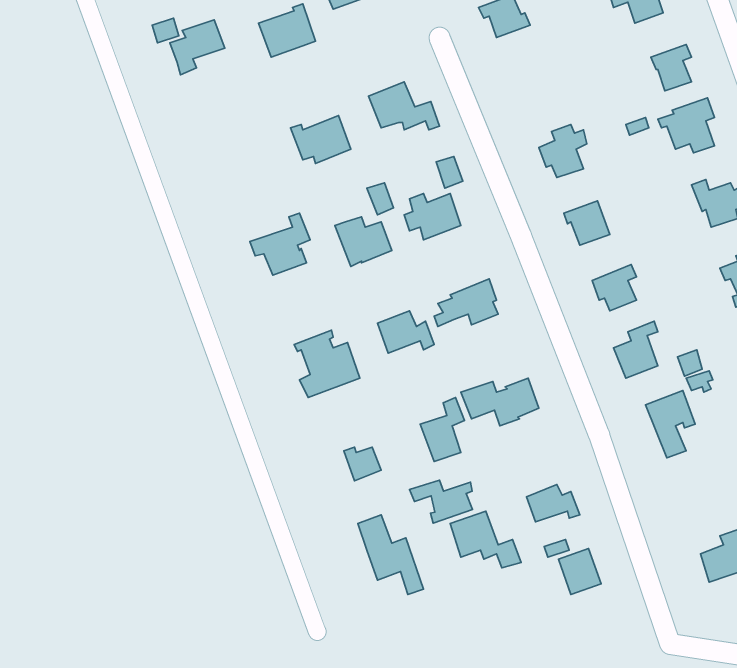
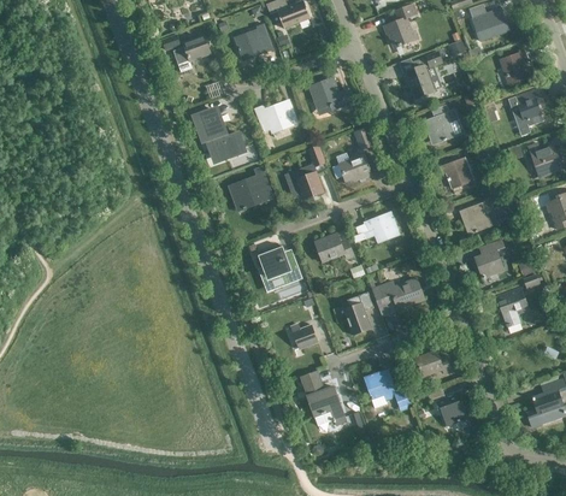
building: none -> [406,52,442,99]
building: none -> [193,108,244,160]
building: [410,480,472,523] -> none

